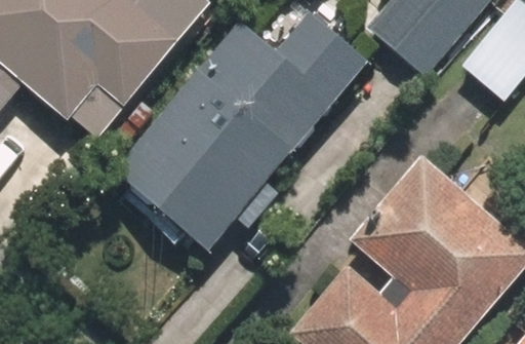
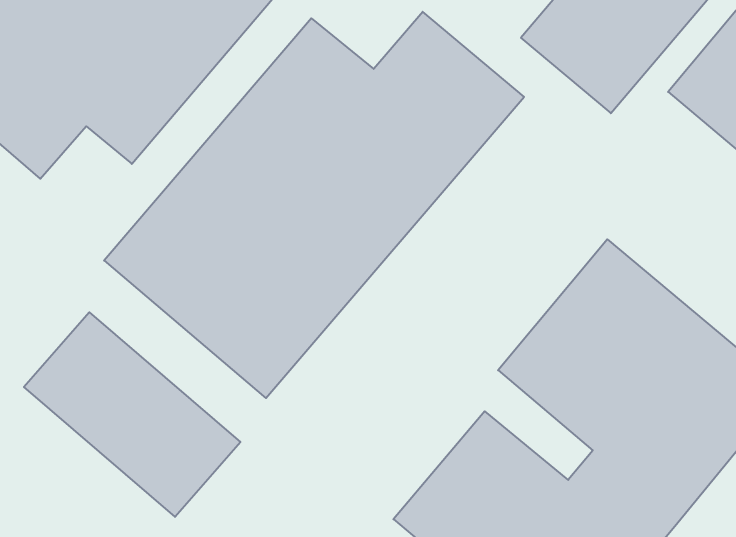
building: none -> [24,312,240,517]

